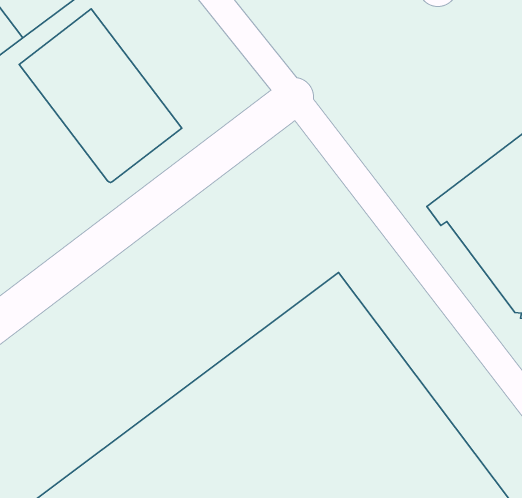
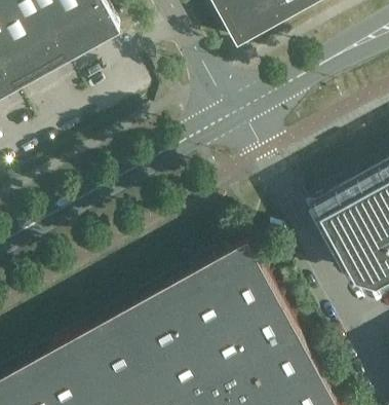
building: [19,9,182,182] -> none

